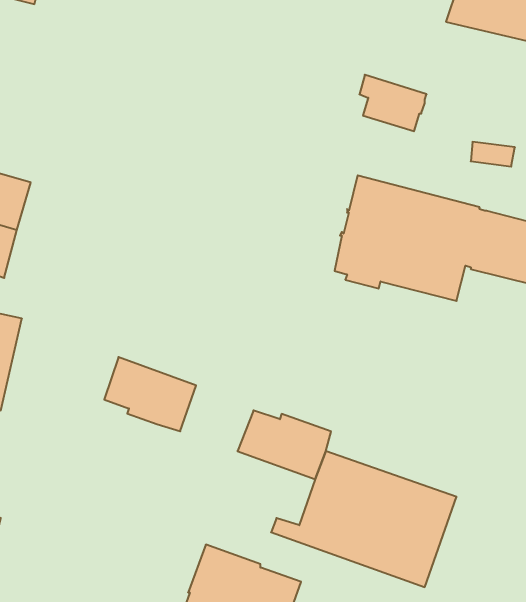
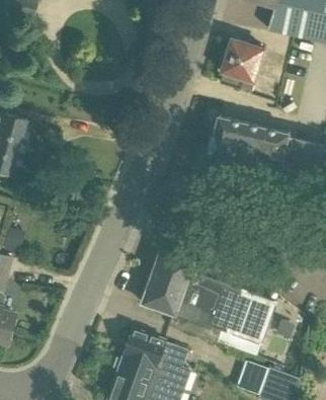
building: none -> [223,38,265,70]
building: [104,357,196,431] -> [142,274,194,317]

